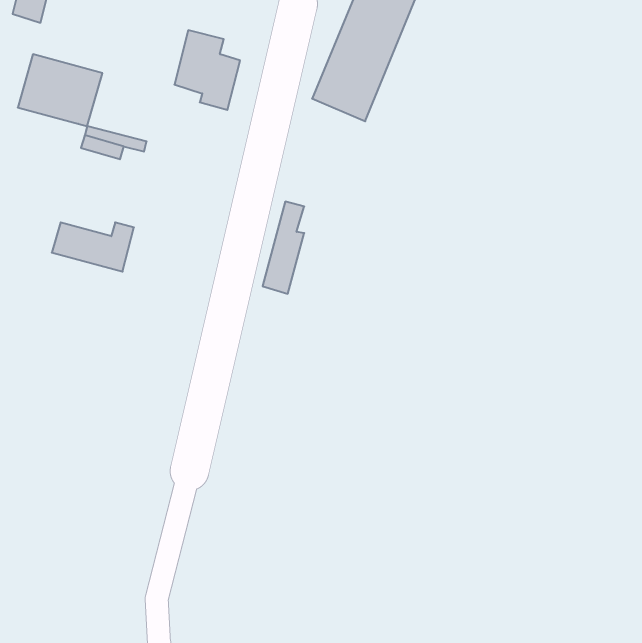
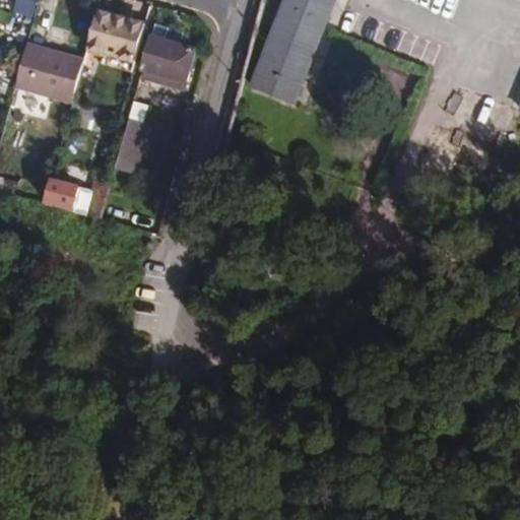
building: none -> [86,10,142,61]
building: [263,202,304,294] -> [113,100,146,174]

